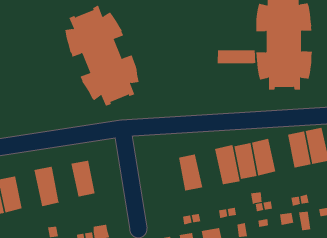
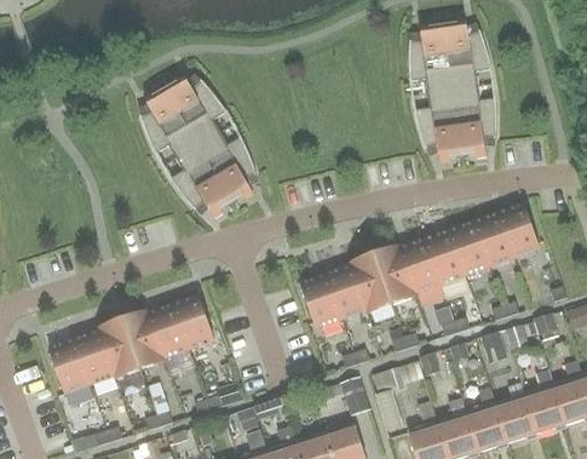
building: [217,49,256,64] -> none
building: none -> [449,220,490,275]
building: none -> [349,254,392,314]
building: none -> [300,274,340,328]
building: none -> [149,303,190,358]
building: none -> [97,319,140,378]

